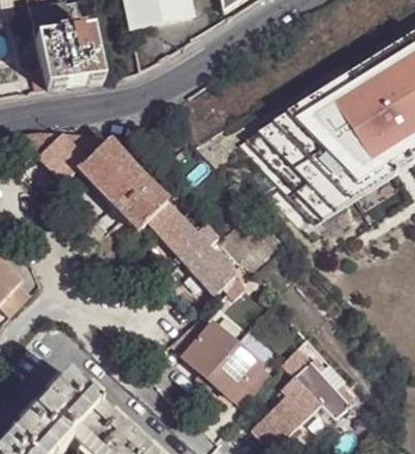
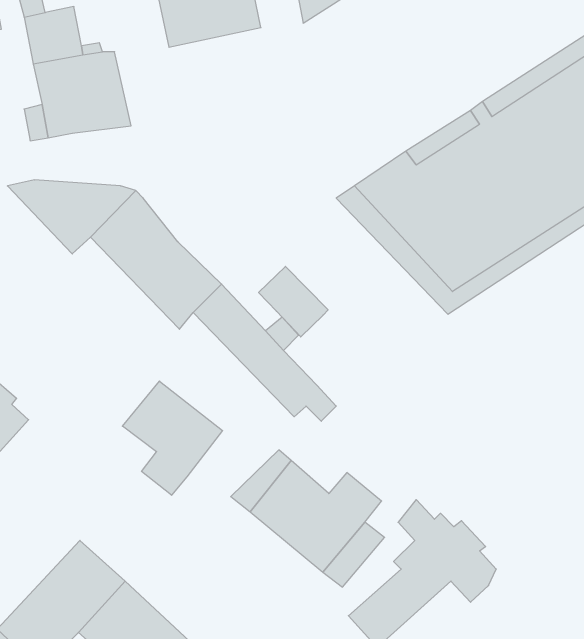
building: none -> [259,266,328,337]
building: none -> [122,381,223,495]

